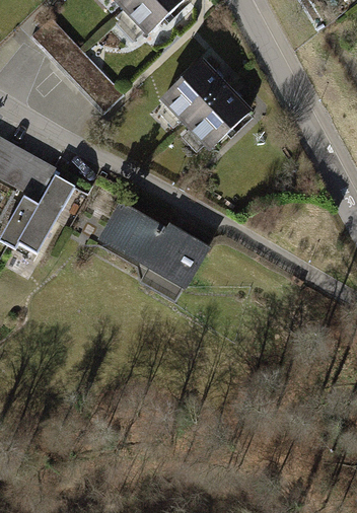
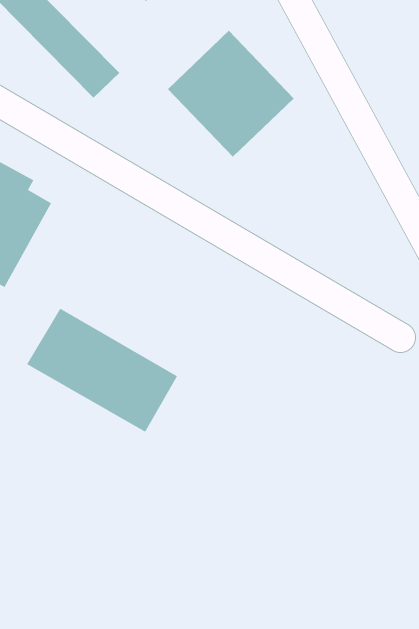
building: [91,198,206,292] -> [26,308,178,433]

